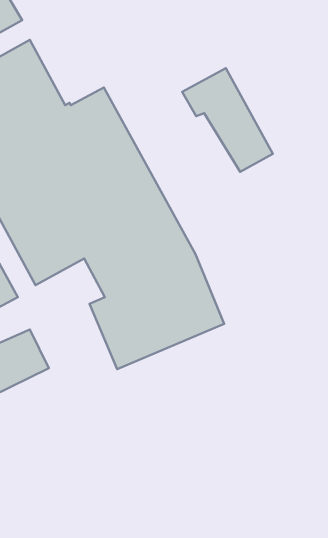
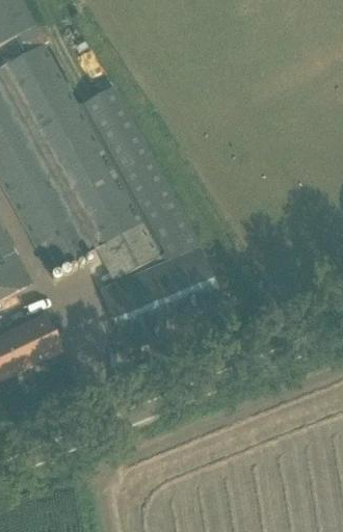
building: [182,68,273,172] -> none

